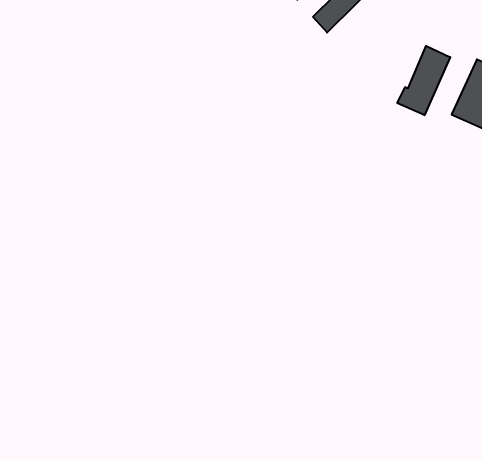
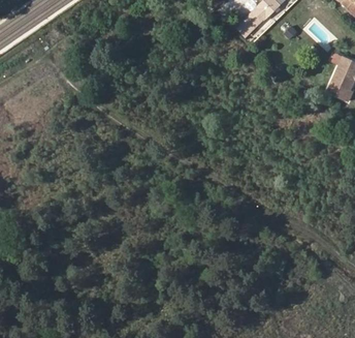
building: [397,46,450,115] -> none

